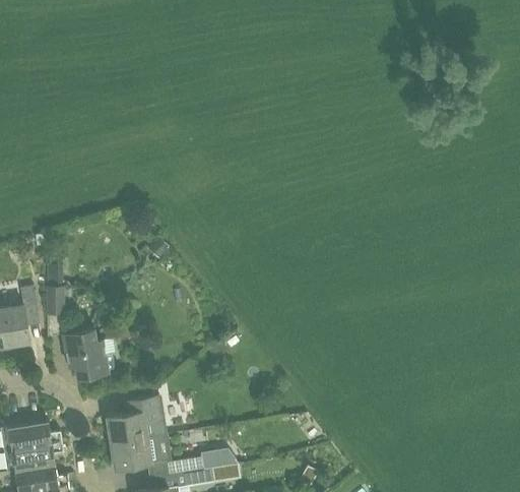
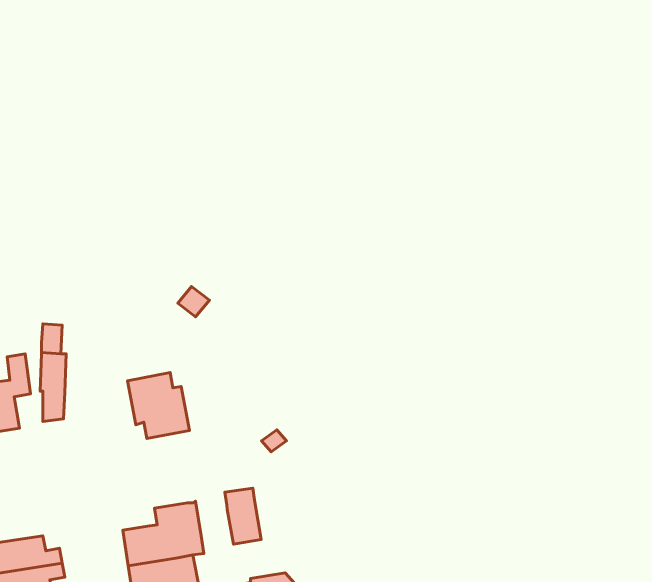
building: [62,330,108,379] -> [127,373,189,439]
building: none -> [225,488,261,544]

